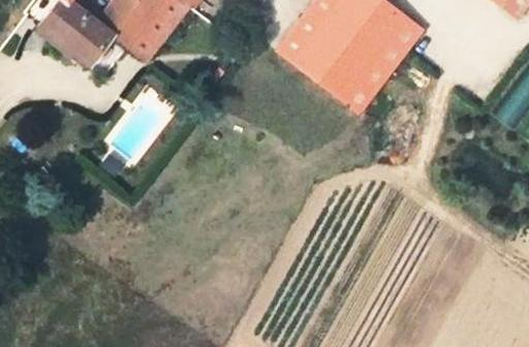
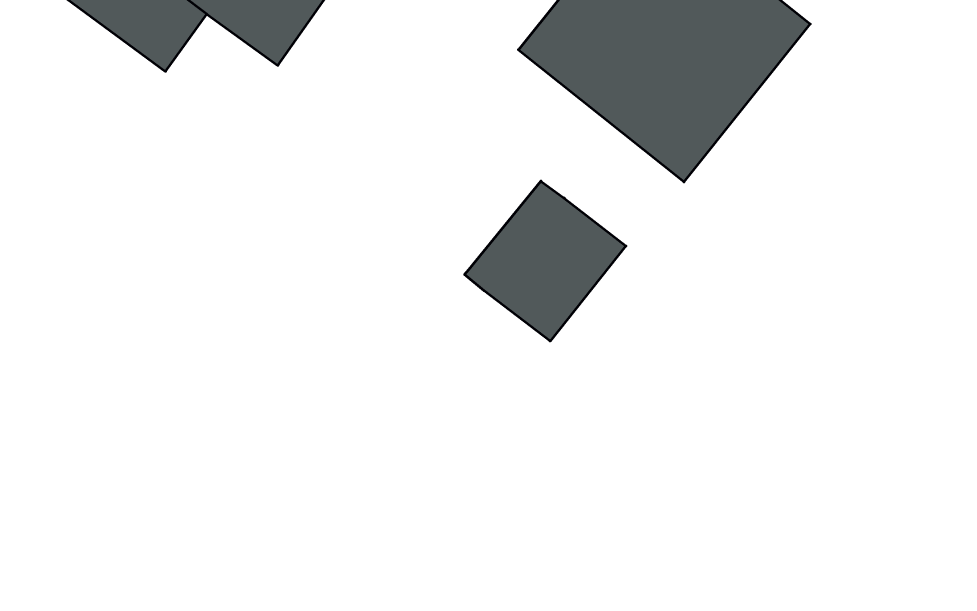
building: none -> [465,181,626,341]

